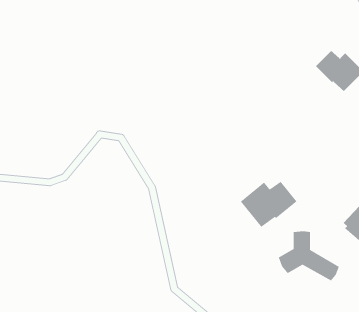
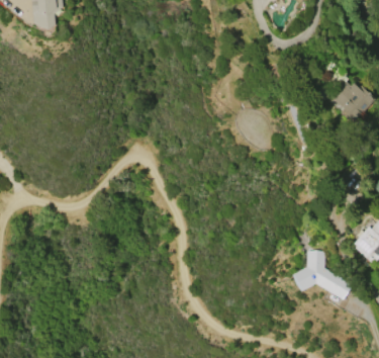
building: [240,181,298,228] -> none

